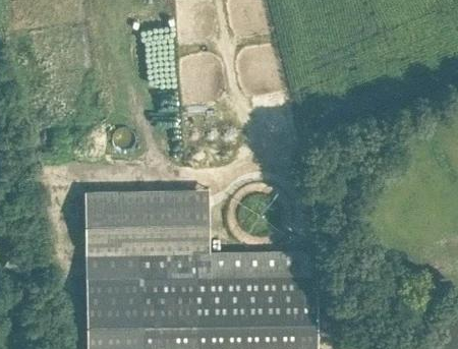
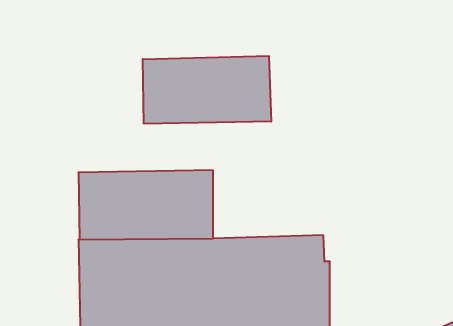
building: none -> [143,56,271,124]

